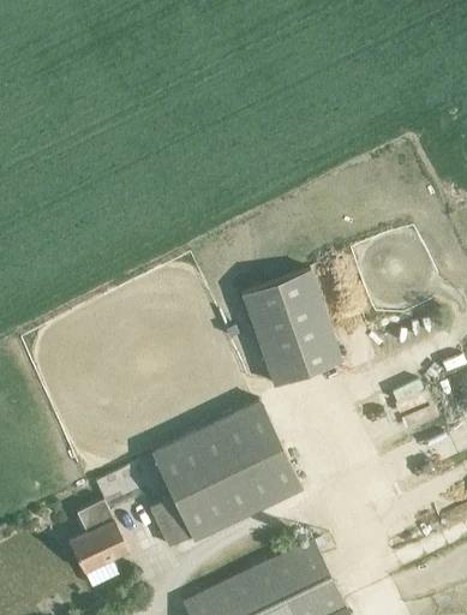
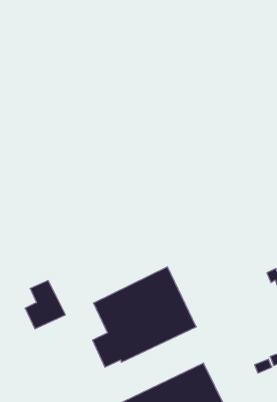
building: [243,270,343,386] -> none
building: [71,501,130,572] -> [25,280,65,329]

